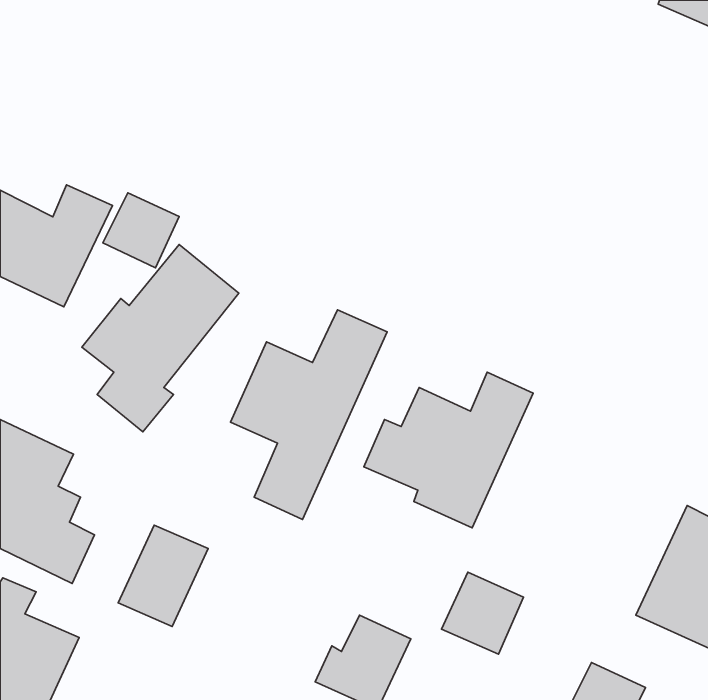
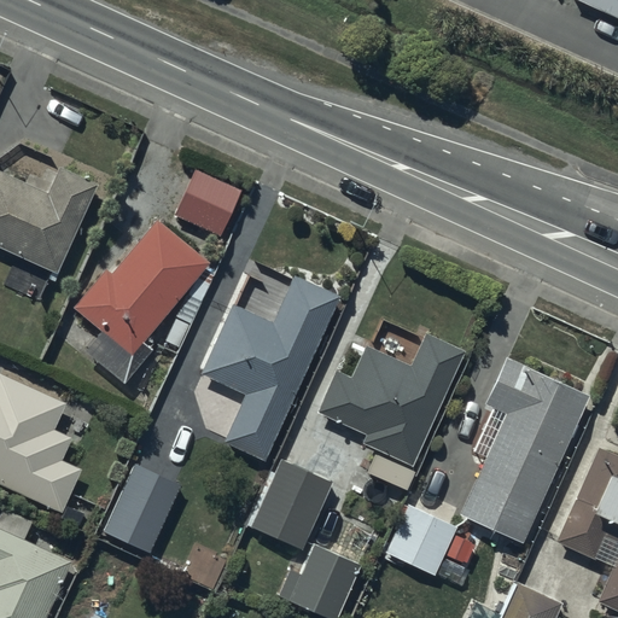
building: [103,193,179,268] -> [174,171,240,237]
building: none -> [460,357,587,542]
building: none -> [250,459,333,550]

